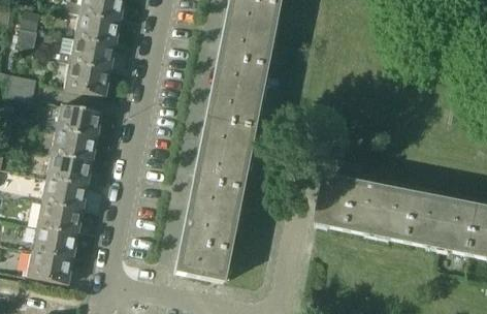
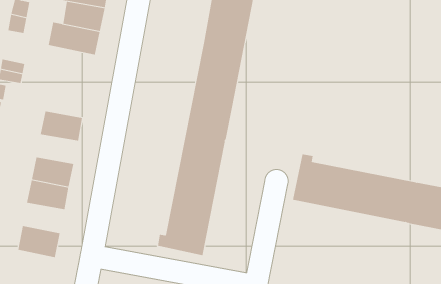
building: [65,61,110,95] -> none
building: [57,103,102,135] -> none
building: [47,153,93,184] -> none
building: [33,225,78,257] -> none

